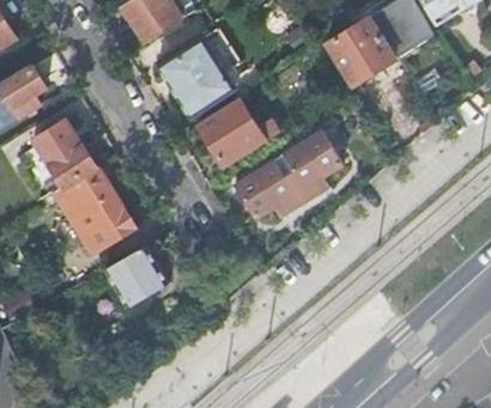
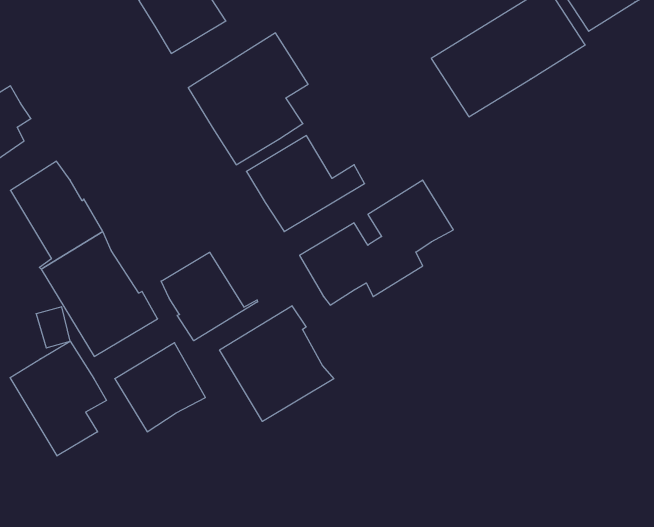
building: none -> [161,252,258,341]
building: none -> [220,306,334,421]
building: none -> [10,341,106,456]

